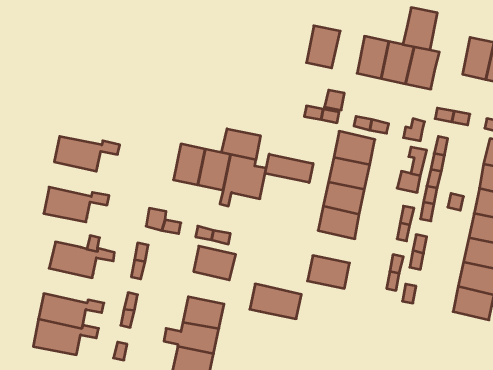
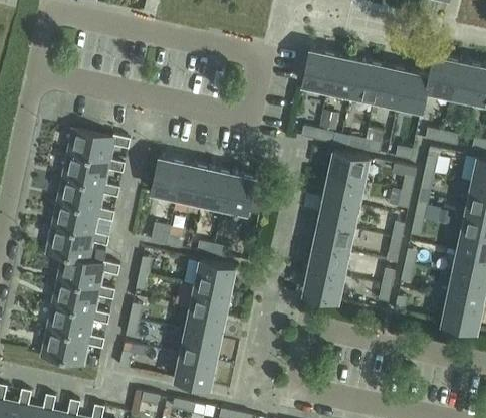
building: [403,8,437,50] -> [425,57,458,97]
building: none -> [326,56,357,96]
building: none -> [67,132,130,165]
building: [222,129,260,160] -> none
building: none -> [152,159,183,198]
building: [265,154,313,183] -> none
building: none -> [57,181,119,214]
building: none -> [46,230,109,262]
building: none -> [308,246,348,277]
building: none -> [52,282,114,316]
building: [250,284,301,319] -> [180,283,229,317]

